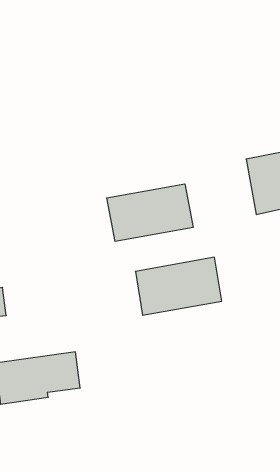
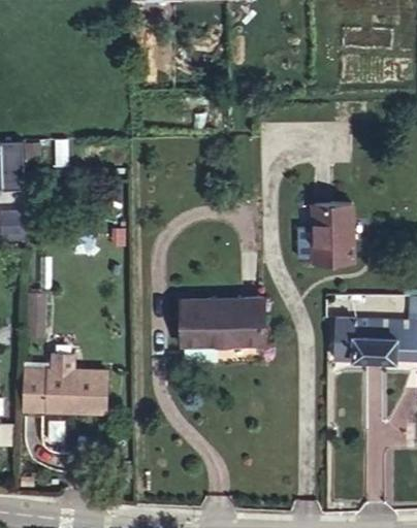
building: [107,184,193,241] -> none

